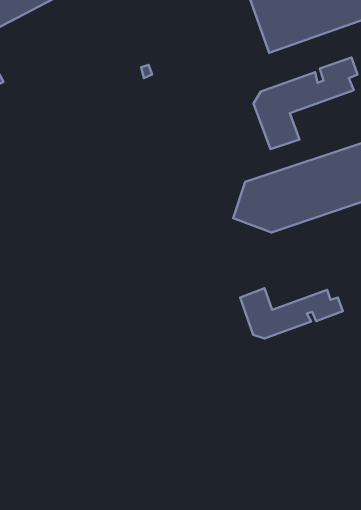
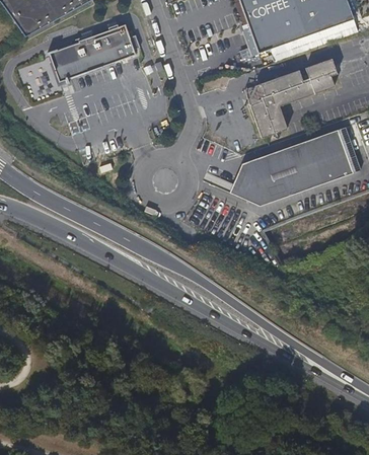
building: none -> [48,25,136,84]
building: [240,288,343,338] -> none

